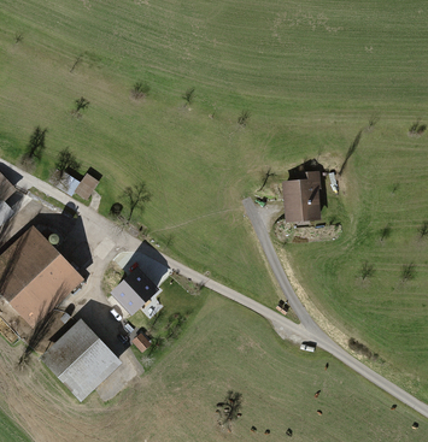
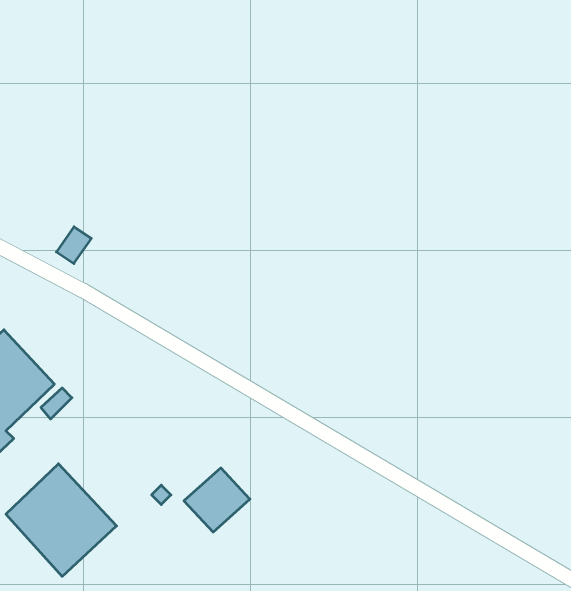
building: [285,171,317,216] -> none
building: [113,269,154,308] -> [184,468,250,532]

